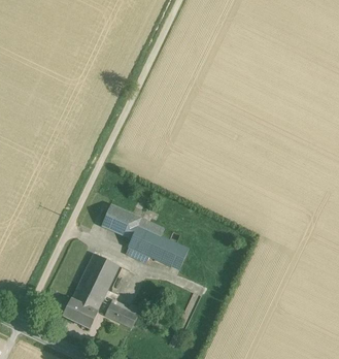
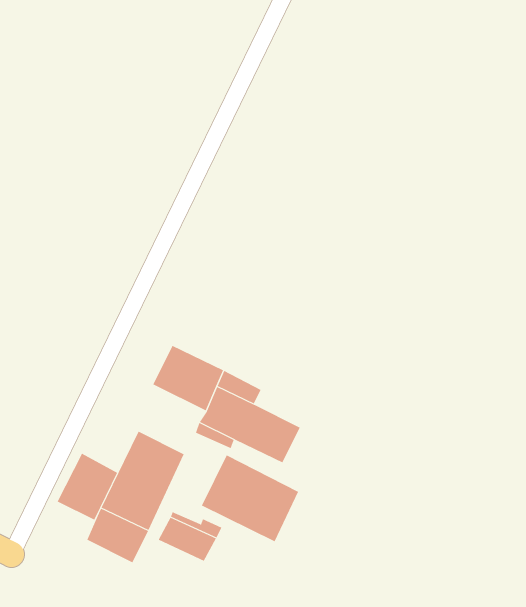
building: none -> [57,453,118,520]
building: none -> [201,454,299,542]

